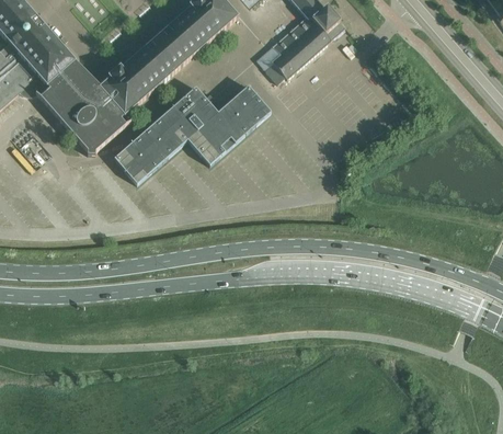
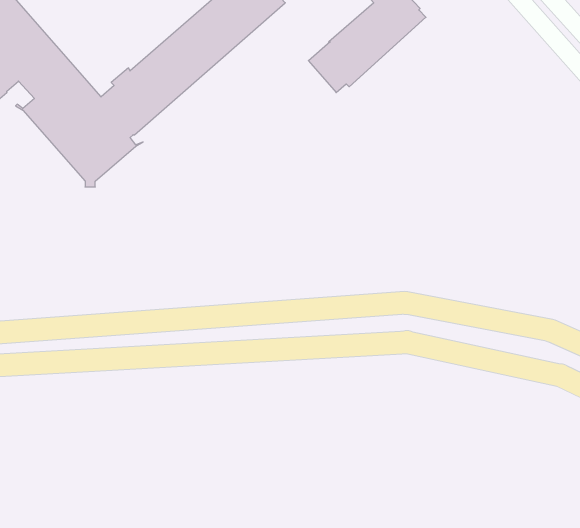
building: [114,85,271,184] -> none

